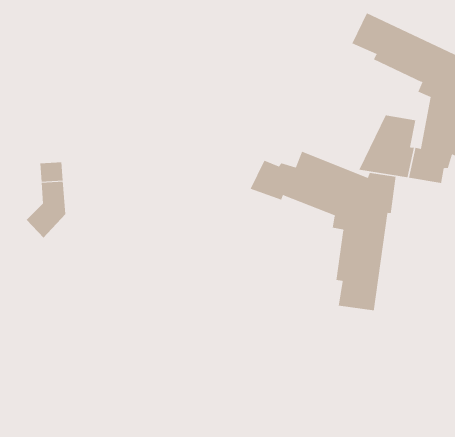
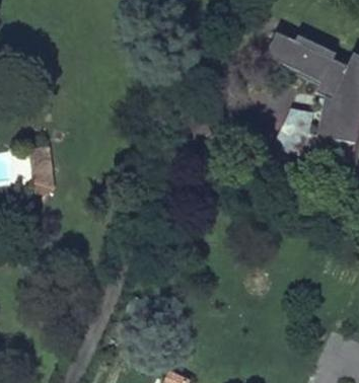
building: [250,151,396,311] -> none

